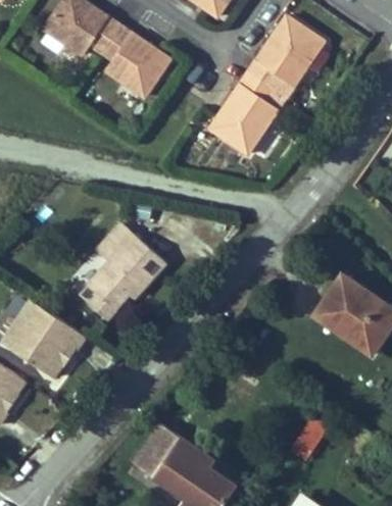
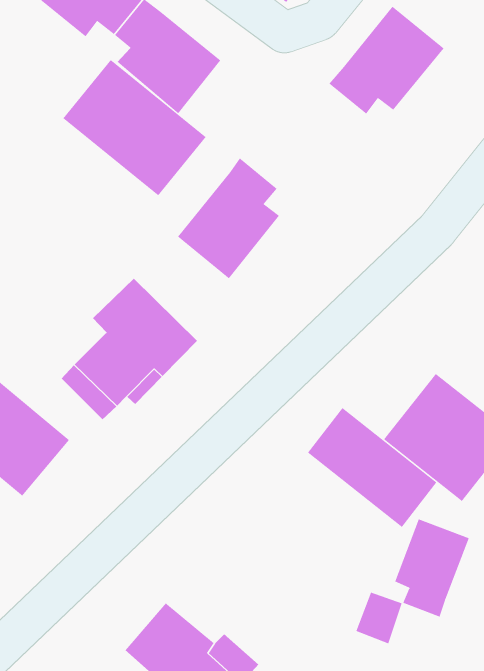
building: none -> [63,59,206,196]
building: [210,74,280,158] -> [177,158,280,279]
building: none -> [307,407,437,528]
building: none -> [394,519,469,617]

